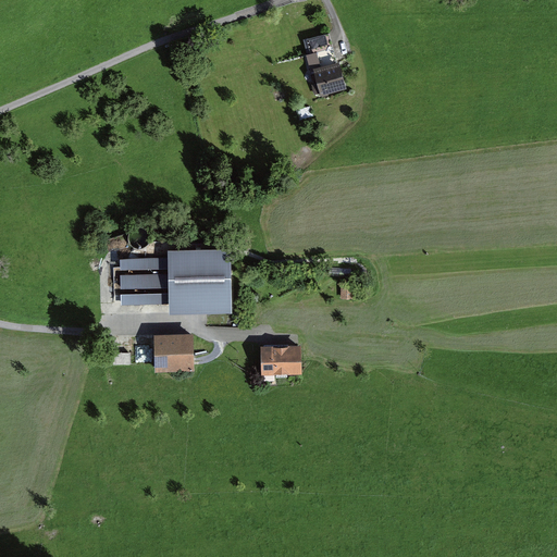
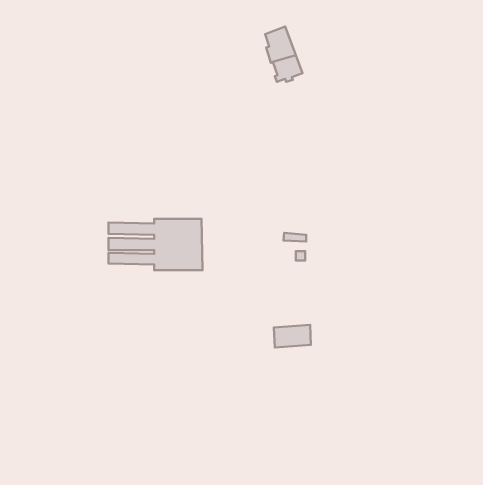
building: [149,336,193,370] -> none
building: [258,348,300,374] -> [274,325,311,348]

